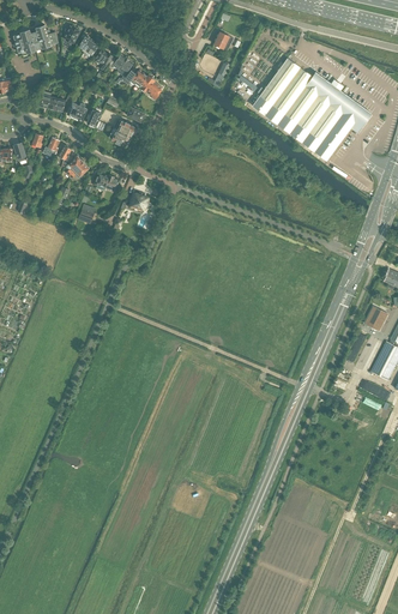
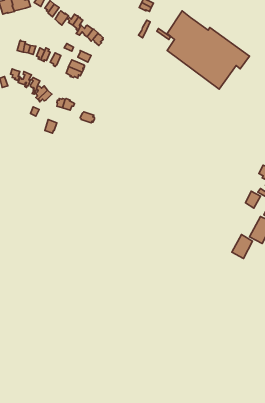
building: none -> [232,234,253,258]

